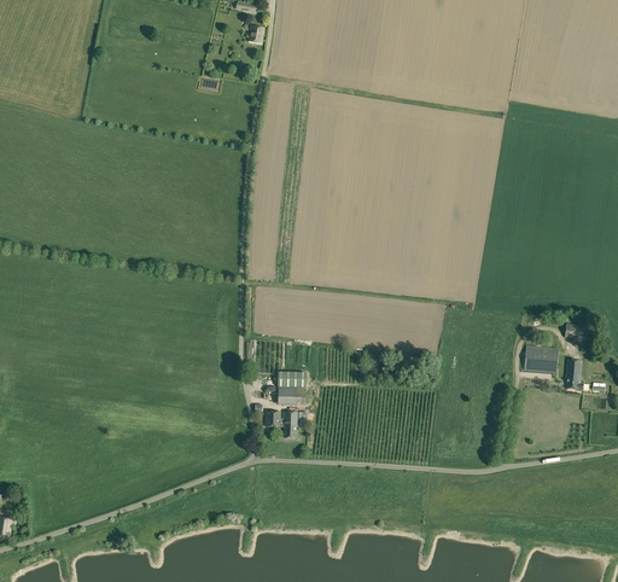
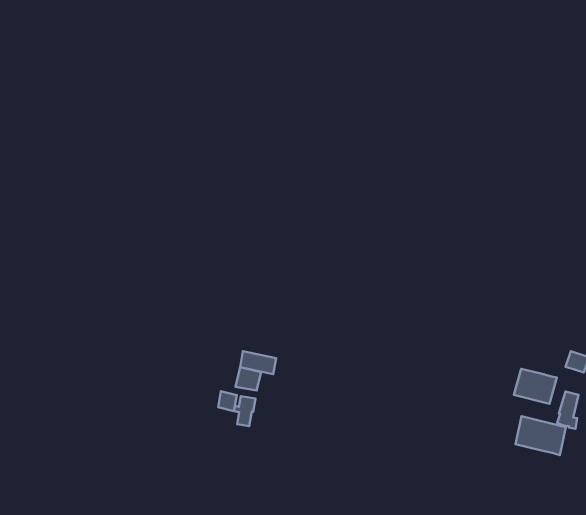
building: none -> [516,416,566,455]

